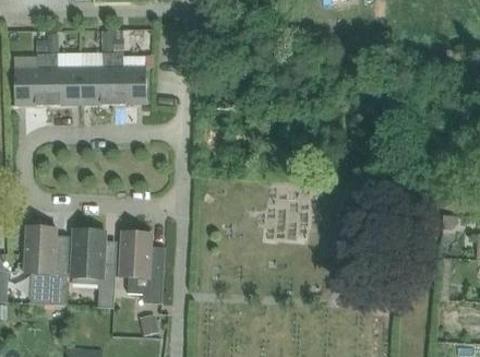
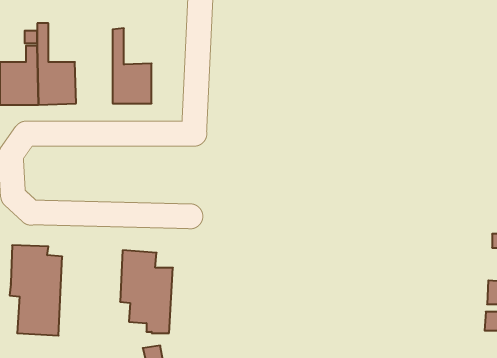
building: [80,28,112,102] -> none
building: [71,225,116,306] -> none

